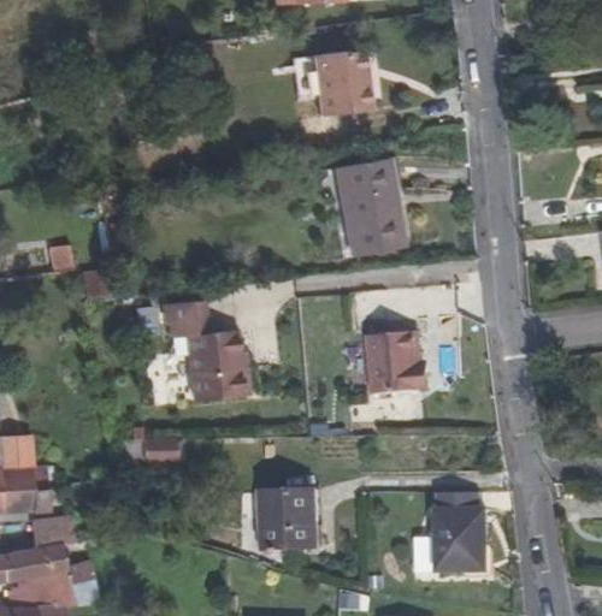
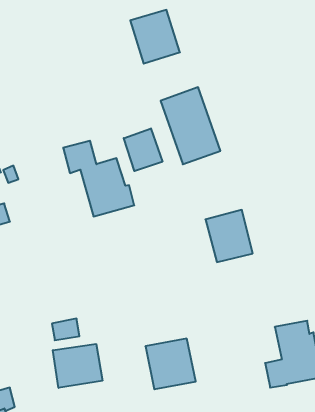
building: none -> [124,128,162,171]
building: [166,301,248,402] -> [63,141,134,216]
building: none -> [53,344,102,388]

